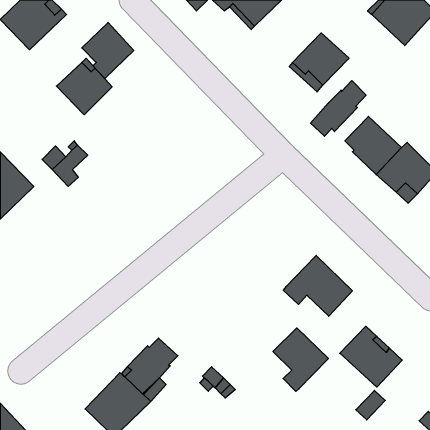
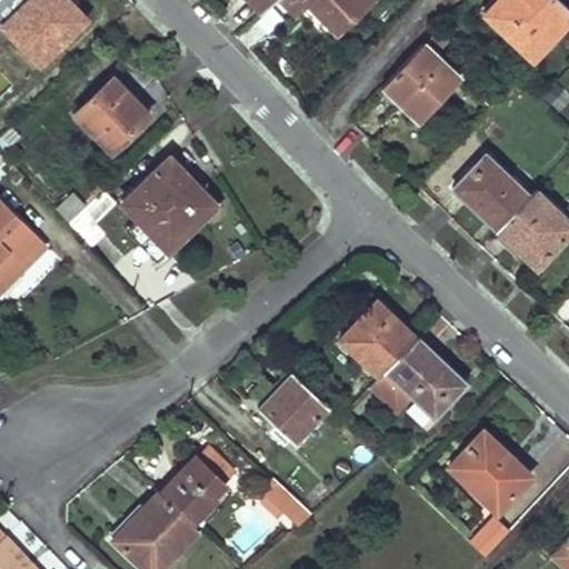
building: [82,22,134,79] -> none
building: [311,81,366,136] -> none
building: none -> [122,158,217,252]
building: none -> [339,301,417,379]
building: none -> [258,373,330,443]
building: [273,328,328,391] -> none

